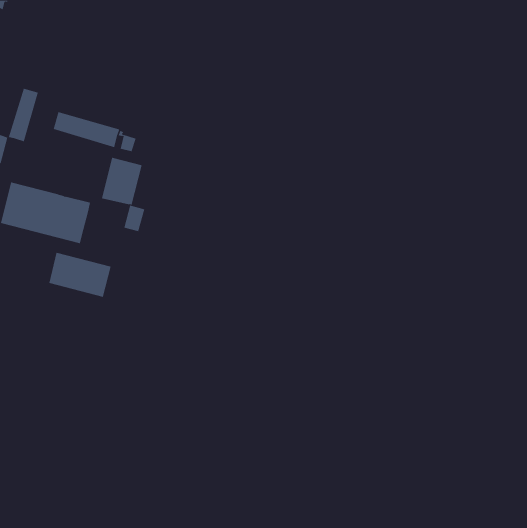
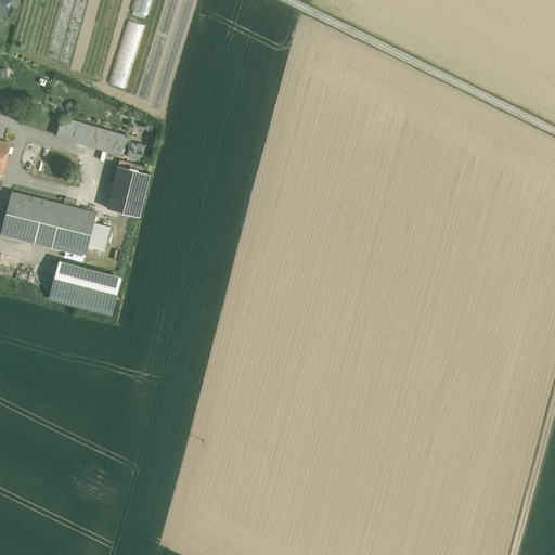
building: [8,88,38,142] -> none
building: [123,205,145,232] -> [87,222,109,250]

